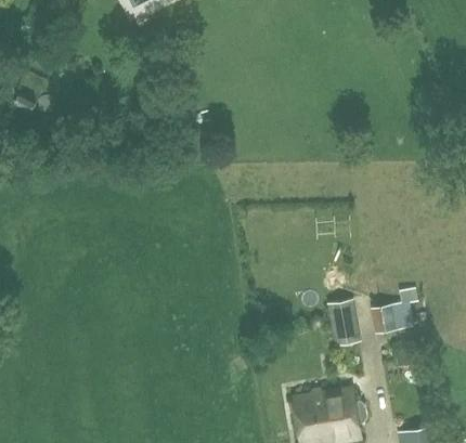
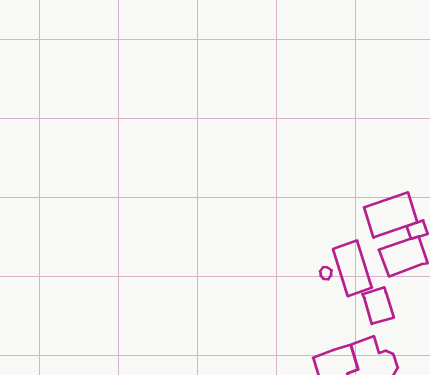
building: none -> [364,192,417,238]
building: none -> [362,287,394,324]

